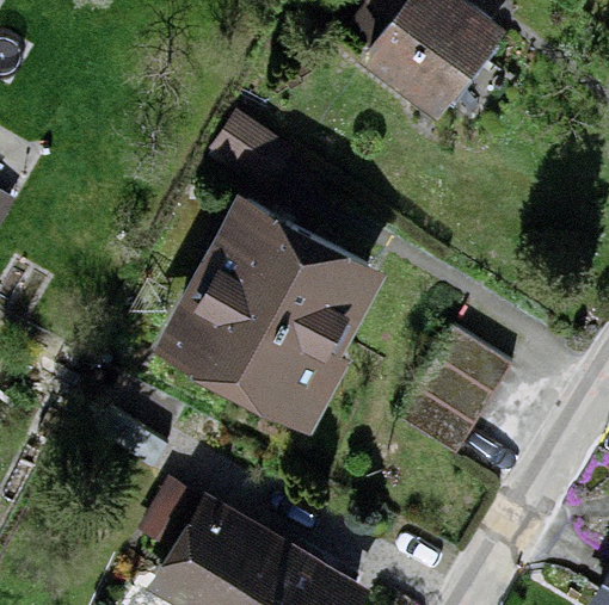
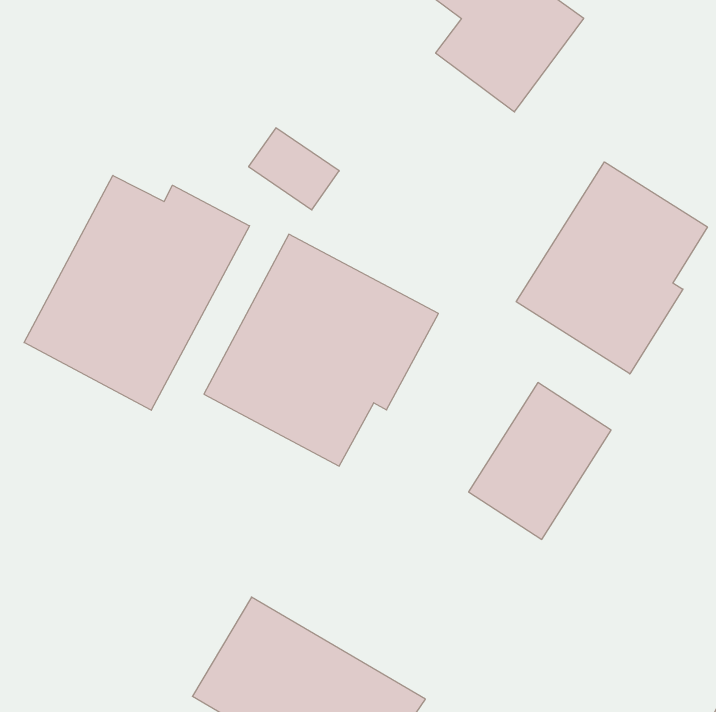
building: none -> [516,162,707,374]
building: none -> [24,175,250,410]

